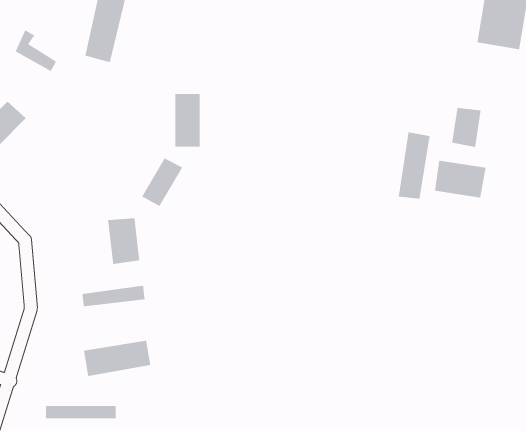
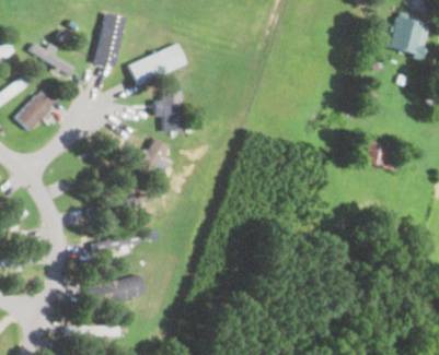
building: none -> [128,42,186,84]
building: [452,107,481,148] -> none
building: [398,131,430,199] -> none
building: [108,218,140,265] -> none

